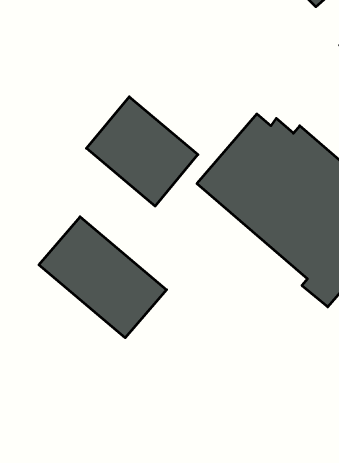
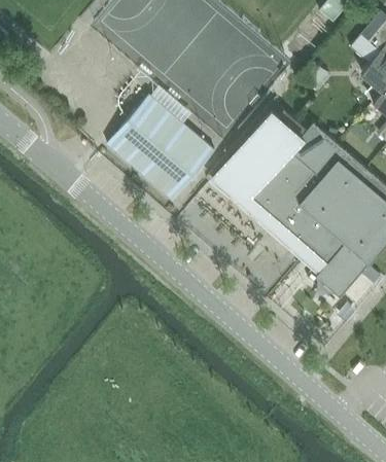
building: [39,217,167,338] -> none

